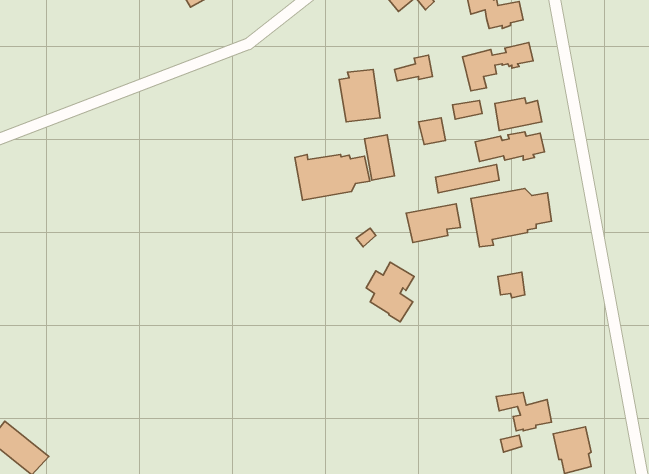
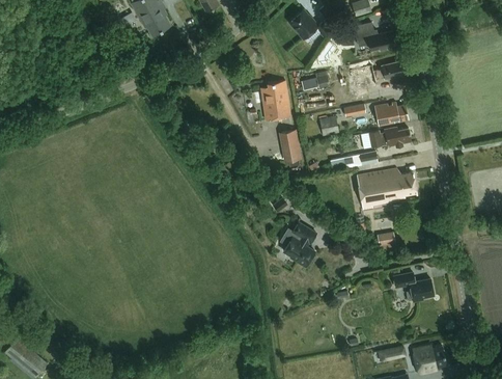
building: [295,154,370,200] -> none
building: [406,204,460,242] -> none
building: [496,392,552,431] -> [393,273,434,301]

